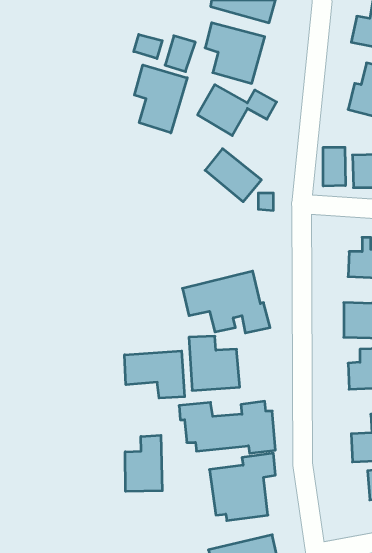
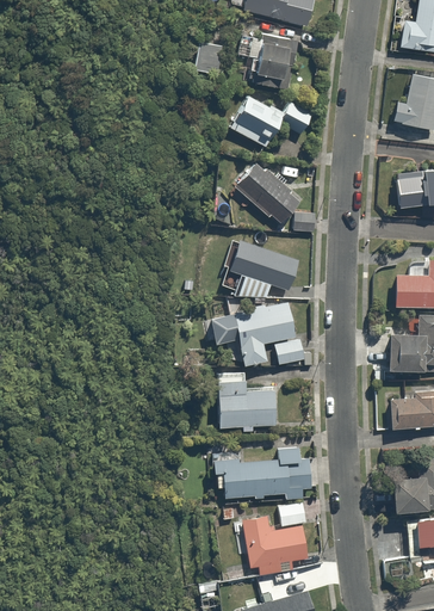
building: [134,34,162,59] -> none
building: [134,65,187,133] -> none
building: [323,147,345,186] -> none
building: none -> [217,239,300,300]
building: [125,351,185,398] -> none
building: [125,435,162,491] -> none

